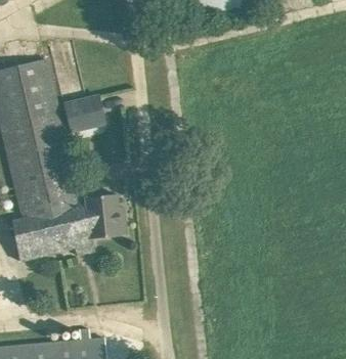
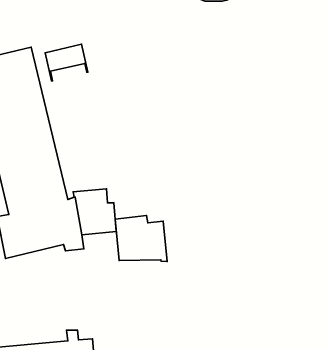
building: [64,96,105,131] -> [45,44,88,81]
building: none -> [115,215,167,261]

